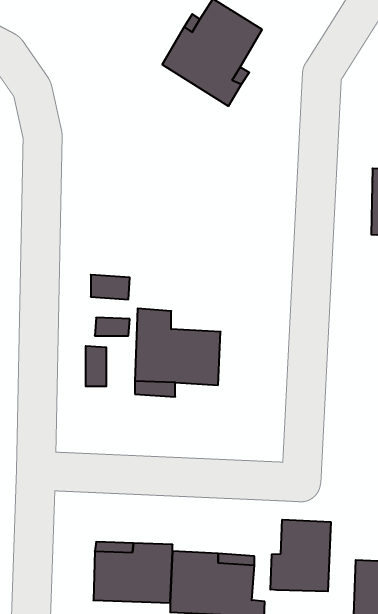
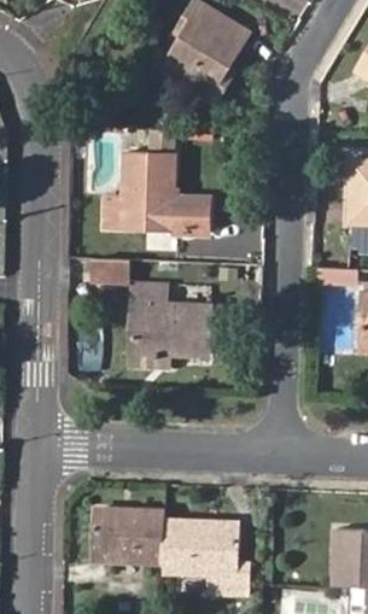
building: none -> [103,158,205,238]
building: [270,520,331,591] -> none

